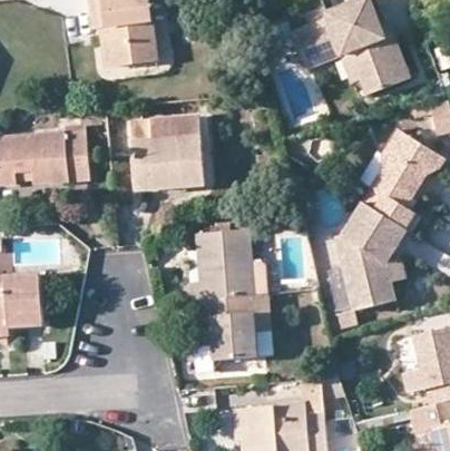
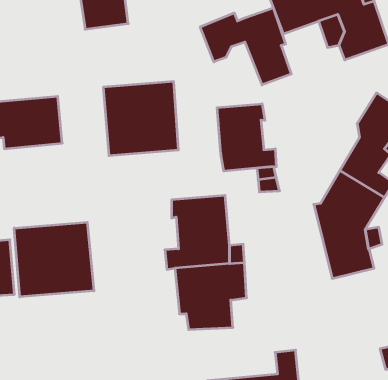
building: none -> [200,8,291,85]
building: none -> [217,104,276,171]
building: none -> [14,222,94,297]

